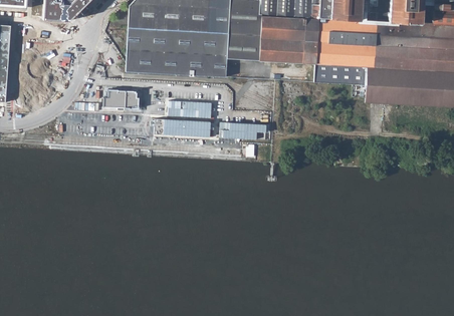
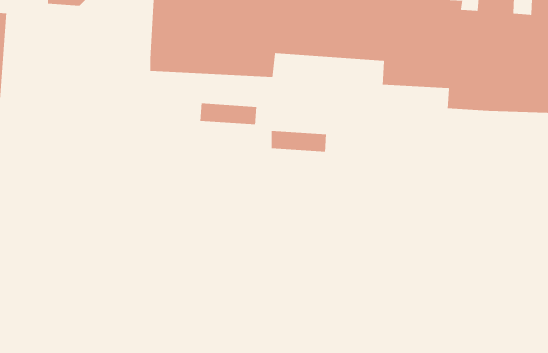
building: [104,87,140,105] -> none
building: [167,117,213,135] -> none

